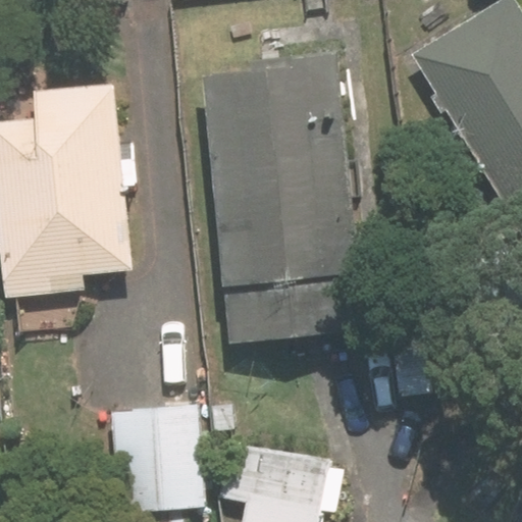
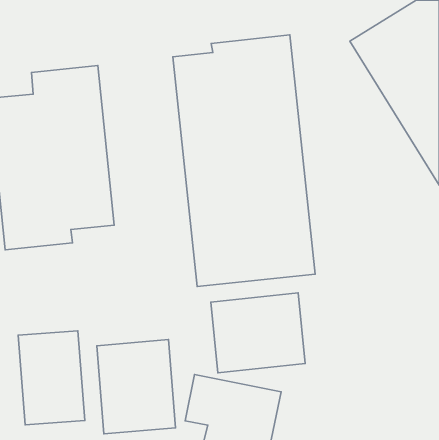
building: none -> [211,293,305,373]
building: none -> [18,331,85,425]

